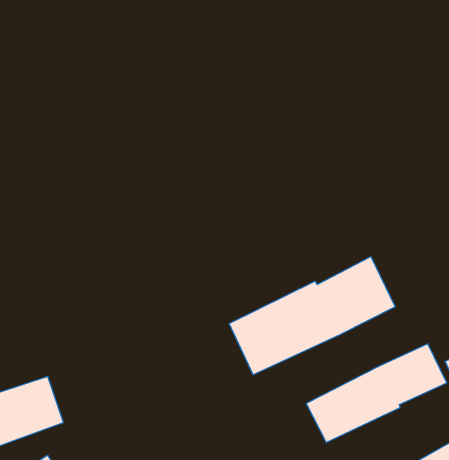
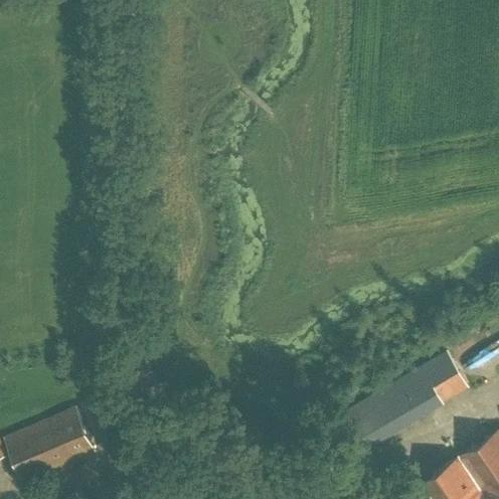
building: [229,257,395,375] -> none

